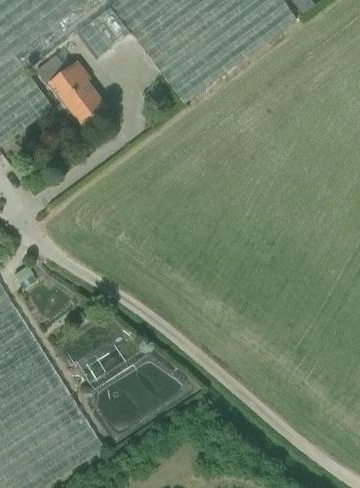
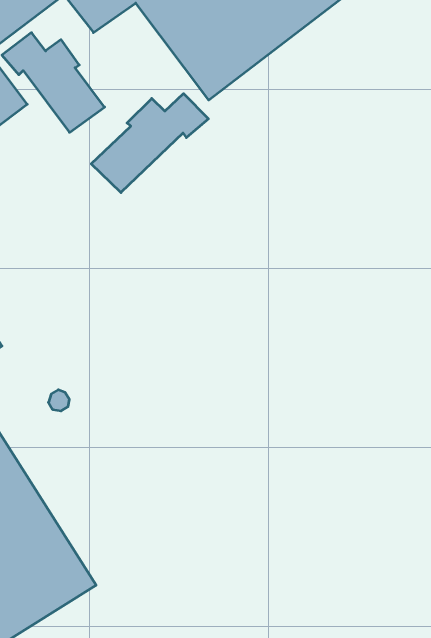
building: none -> [91,94,208,193]

